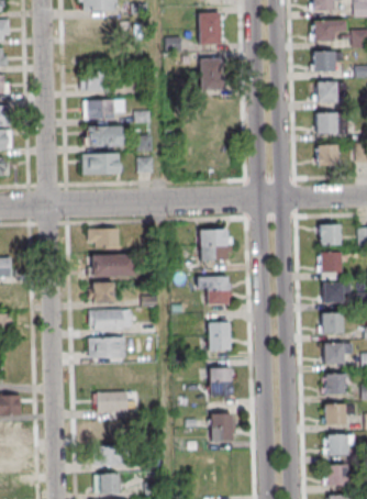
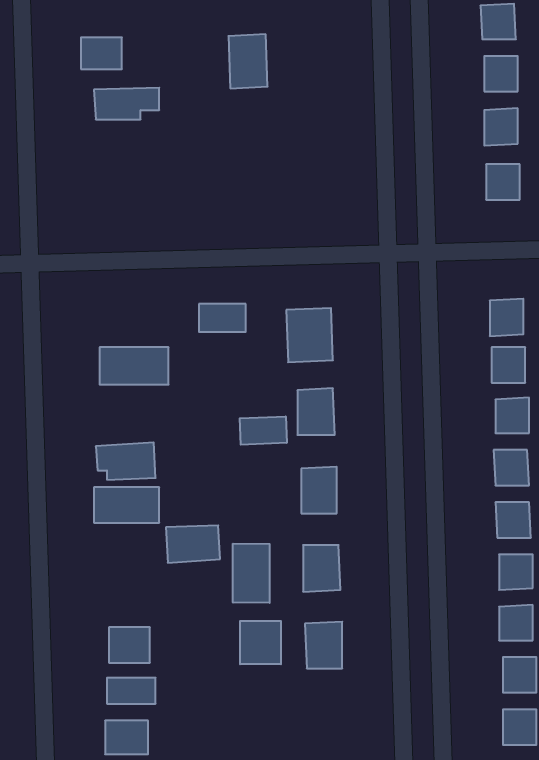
building: [201,58,224,90] -> [228,34,268,88]
building: [88,126,123,147] -> none
building: [82,153,121,175] -> none
building: [88,228,115,244] -> [199,304,246,332]
building: [89,279,114,301] -> none
building: none -> [240,416,287,445]
building: none -> [233,544,270,603]
building: [98,391,130,413] -> [166,525,220,563]
building: none -> [240,621,281,664]

